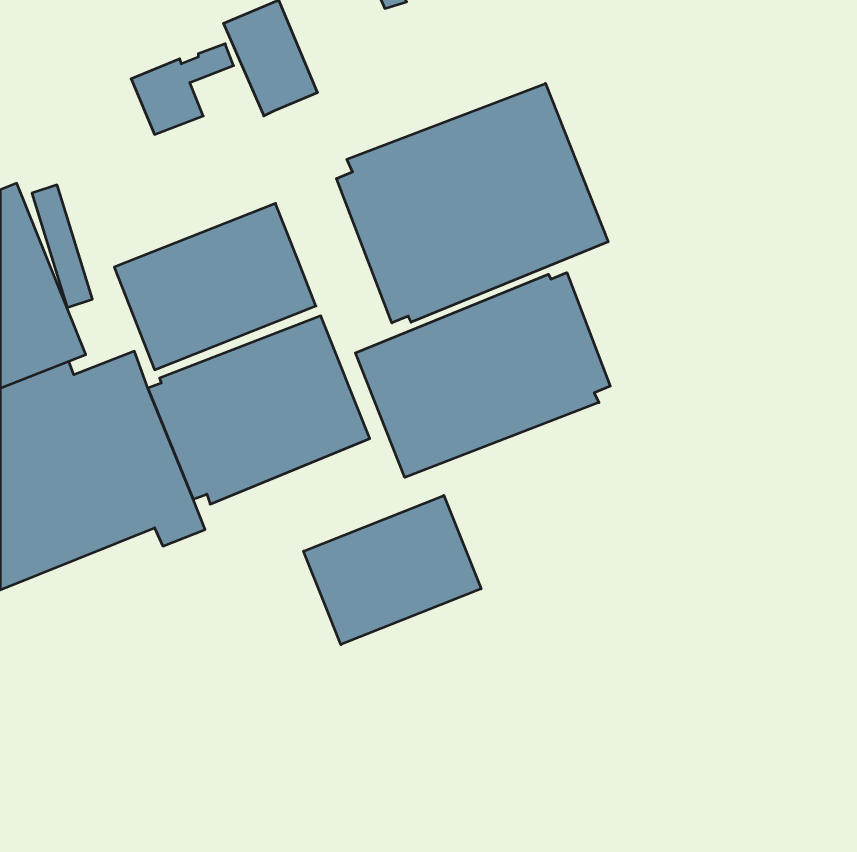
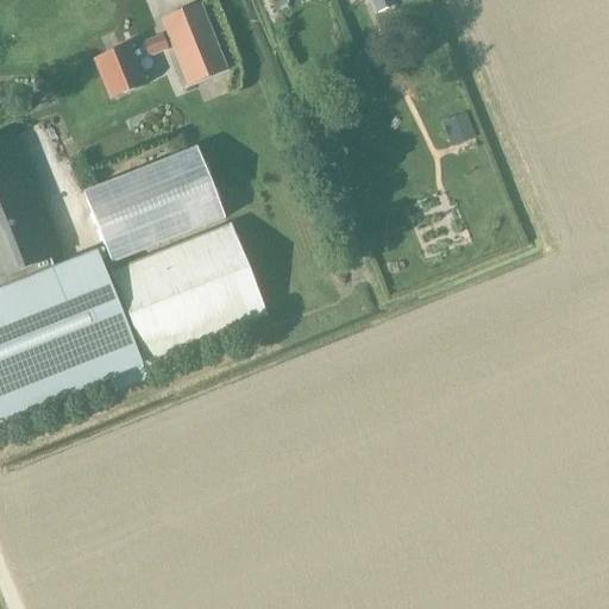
building: [336,83,608,323] -> none
building: [355,273,610,477] -> none
building: [304,495,481,645] -> none

